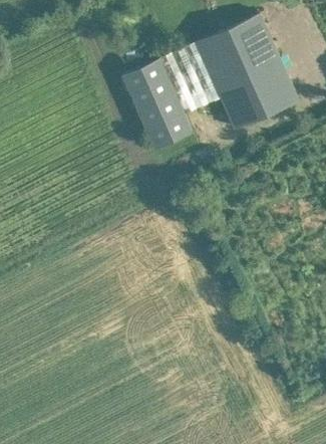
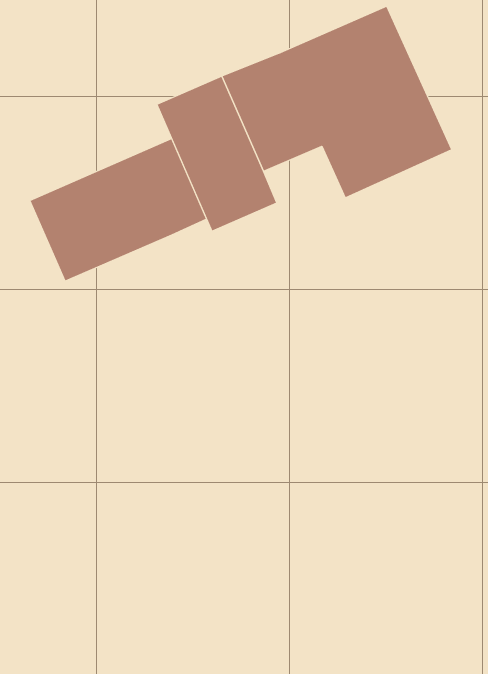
building: none -> [30,139,207,281]

